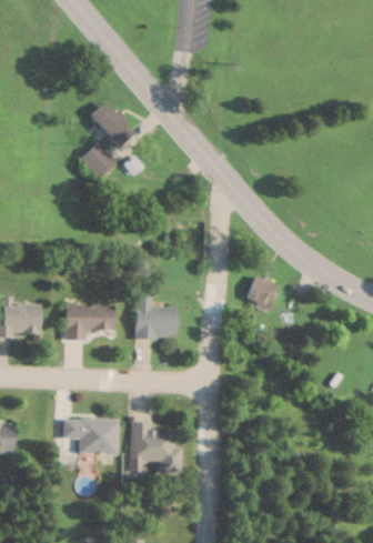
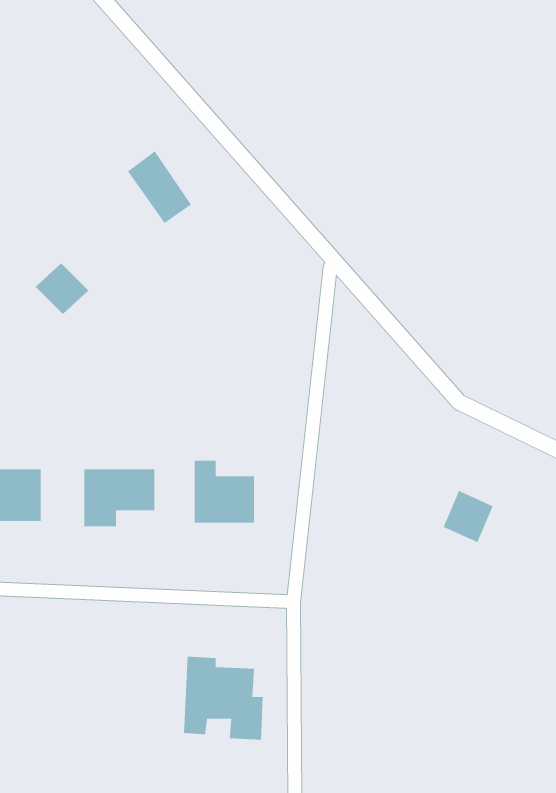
building: [83,144,118,178] -> [35,262,89,315]
building: [246,275,279,309] -> [443,490,493,543]
building: [63,419,117,454] -> none

